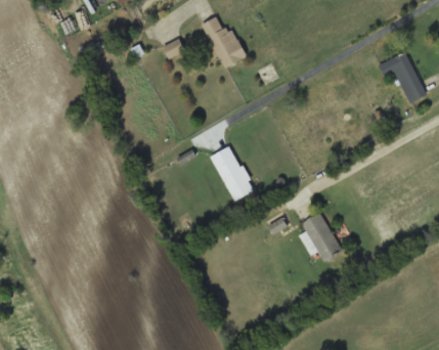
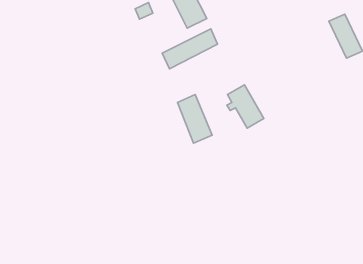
building: none -> [162,29,217,69]
building: [299,212,342,262] -> [227,85,264,128]

